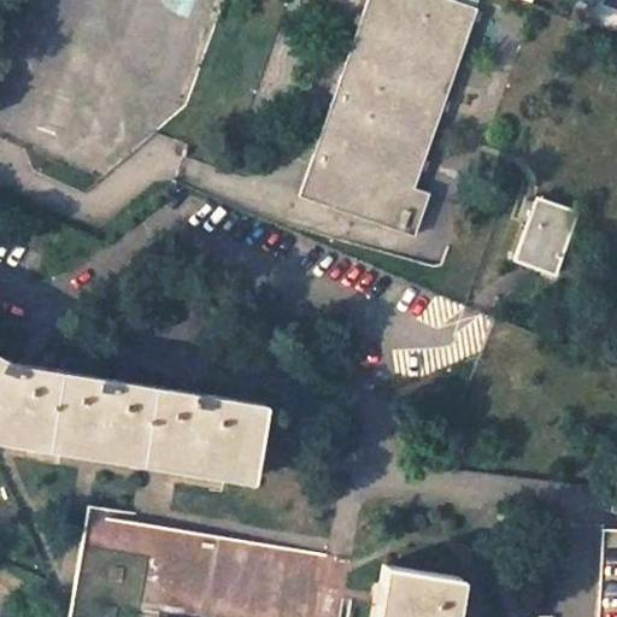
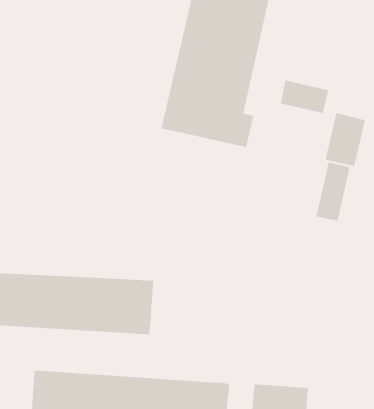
building: none -> [280,80,329,114]
building: none -> [315,162,350,221]

